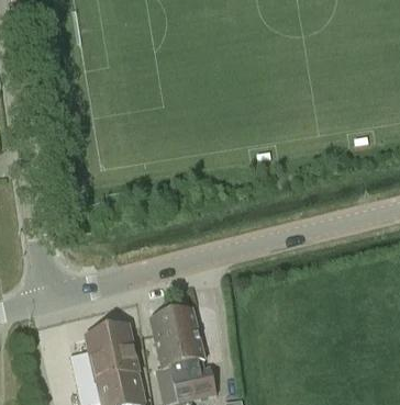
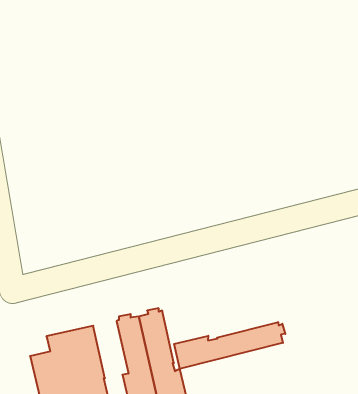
building: none -> [174,322,285,369]

